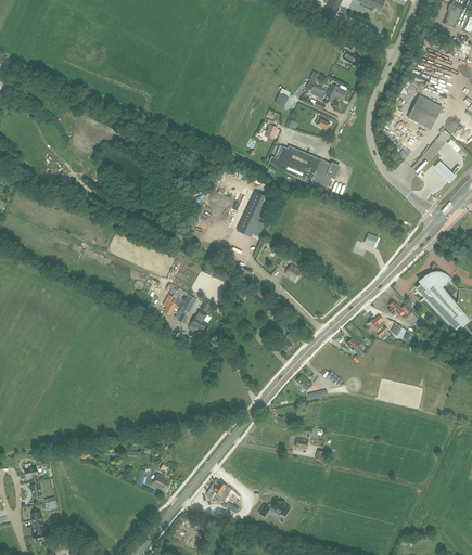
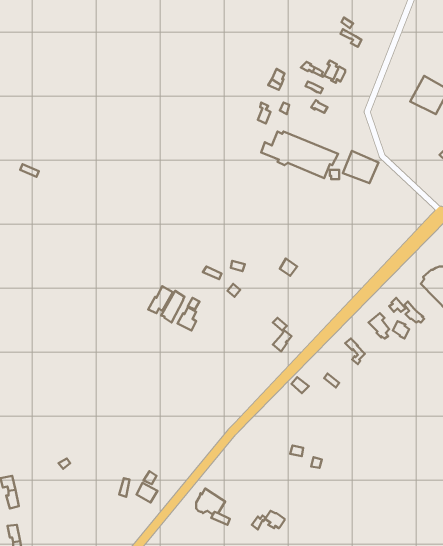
building: none -> [343,151,378,183]
building: [235,191,268,236] -> none

